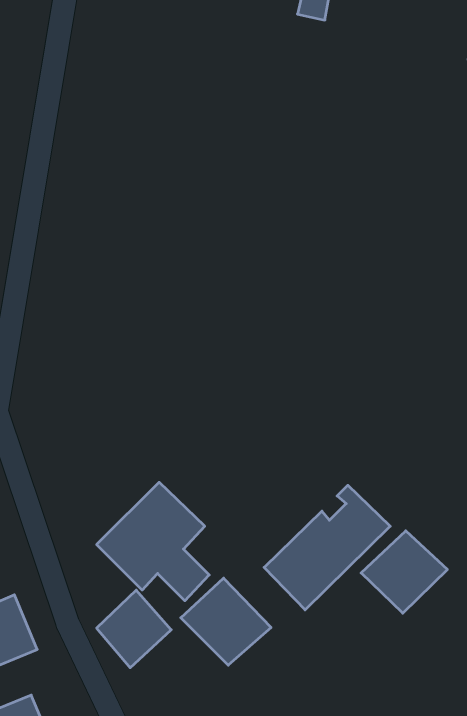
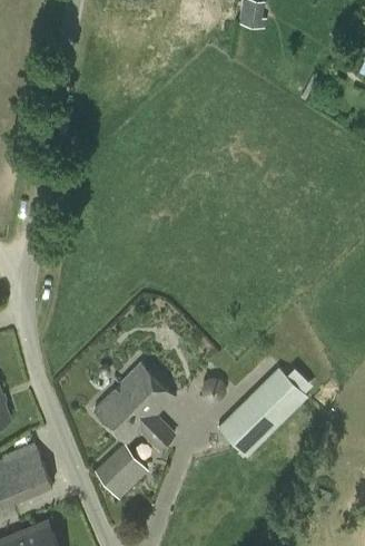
building: [361,531,447,613] -> none
building: [181,578,271,665] -> none

